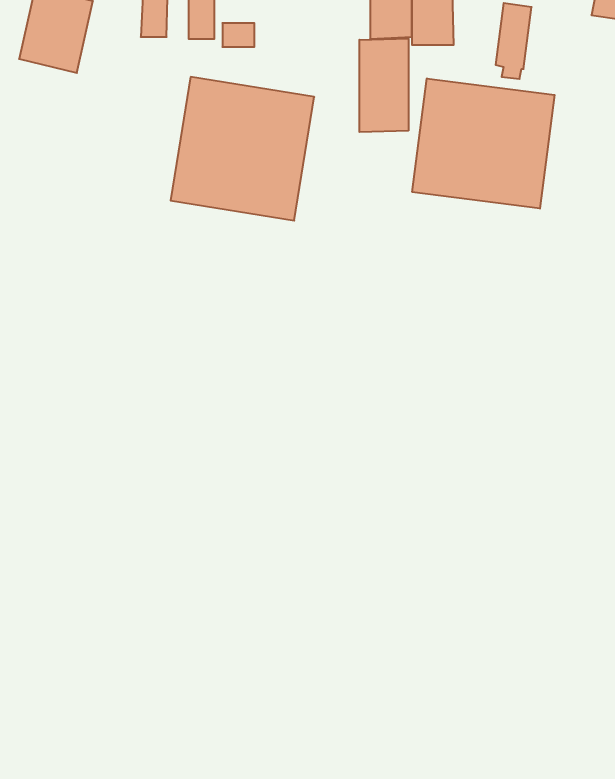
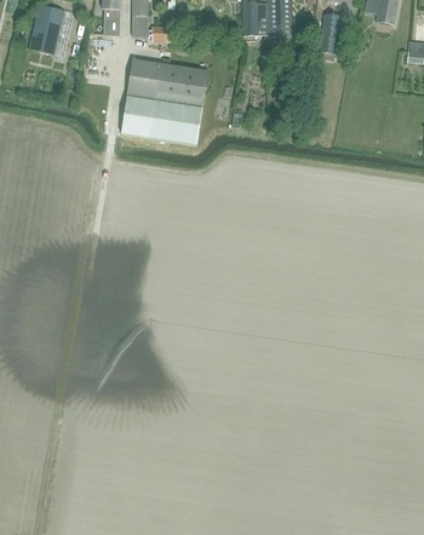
building: [359,38,408,132] -> none
building: [412,78,555,209] -> none

